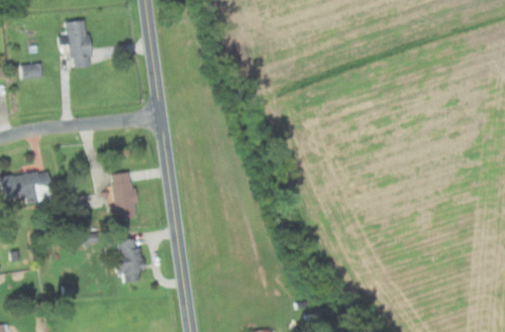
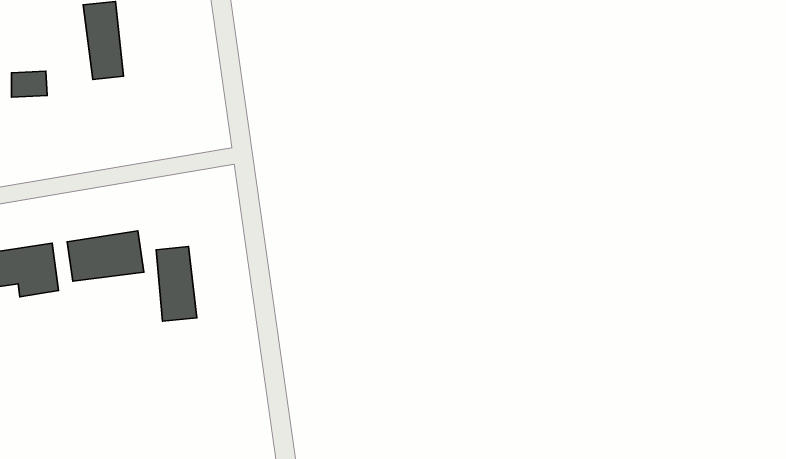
building: none -> [67,231,144,281]
building: [114,238,141,283] -> none

